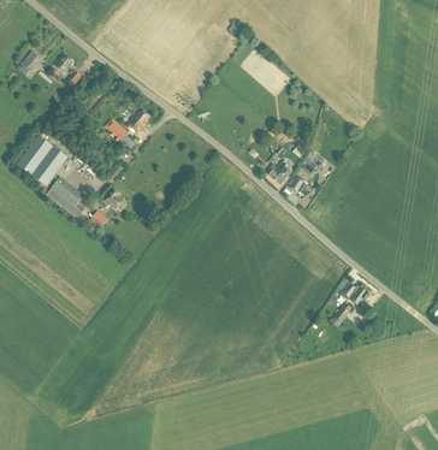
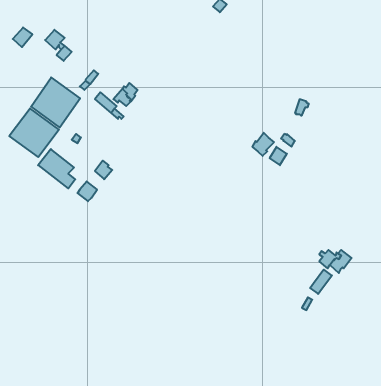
building: none -> [31,77,80,127]

